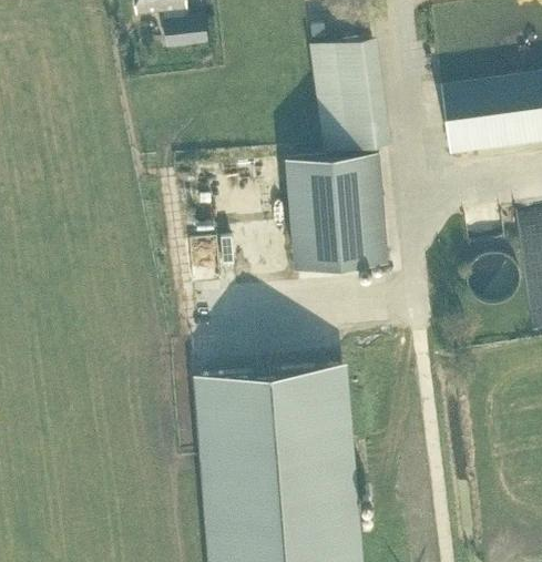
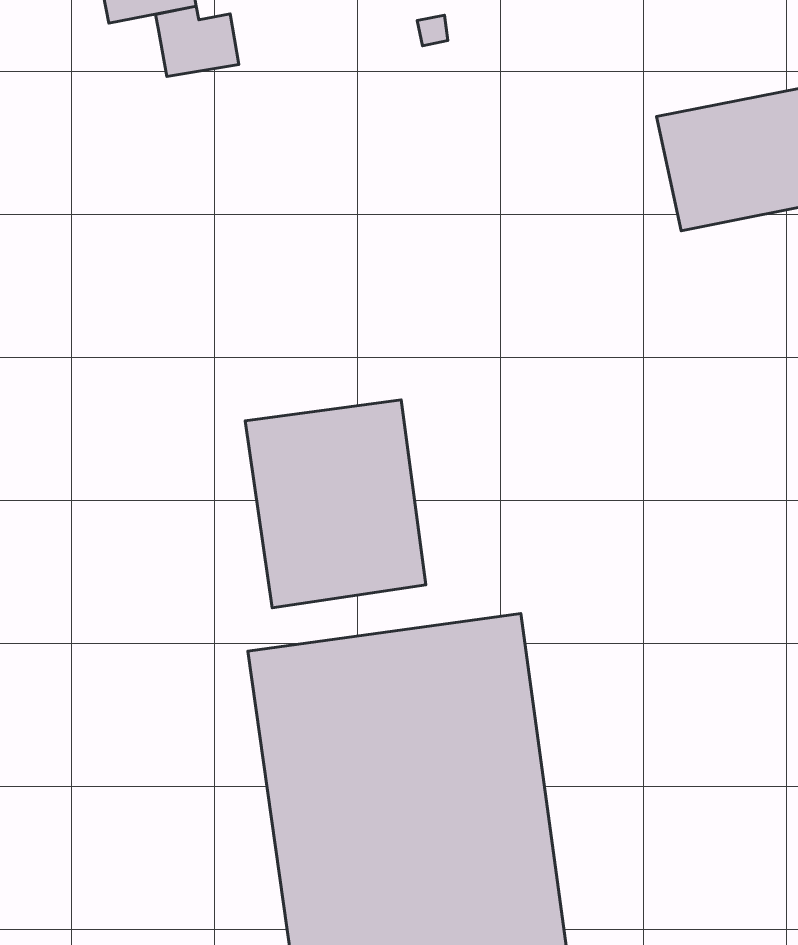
building: [309,37,391,153] -> none
building: [288,155,385,268] -> [245,400,426,608]

